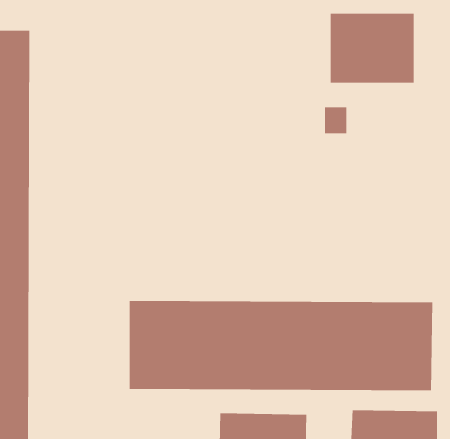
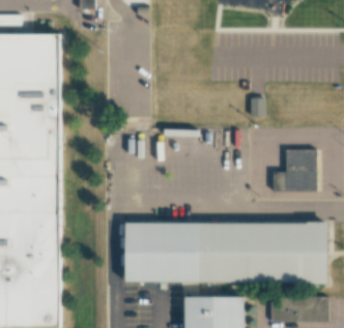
building: [330,13,415,83] -> none
building: none -> [285,149,317,188]

